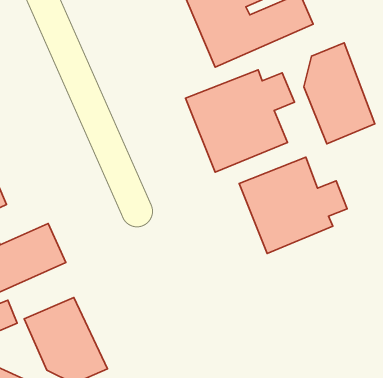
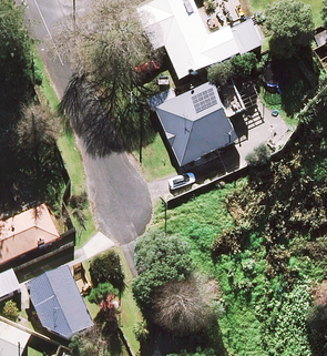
building: [304,43,375,144] -> none
building: [239,157,347,253] -> none

